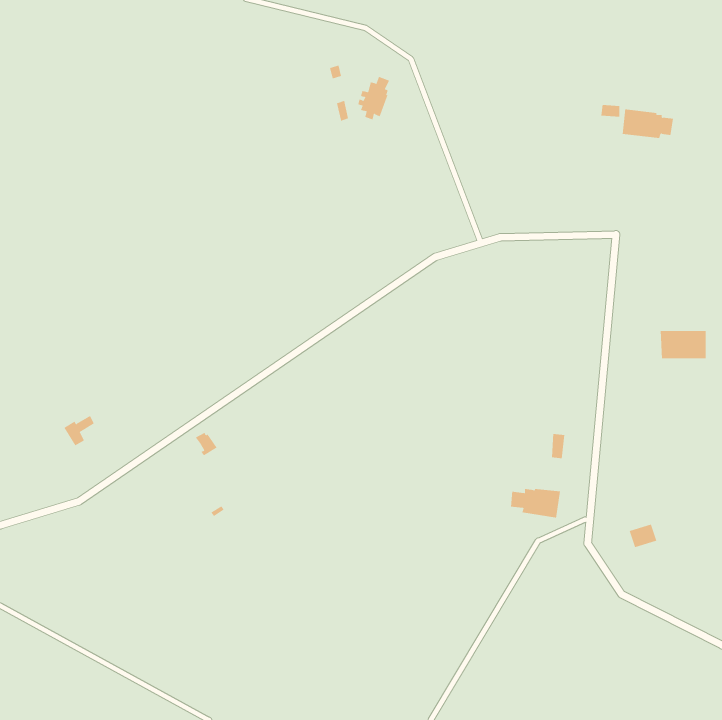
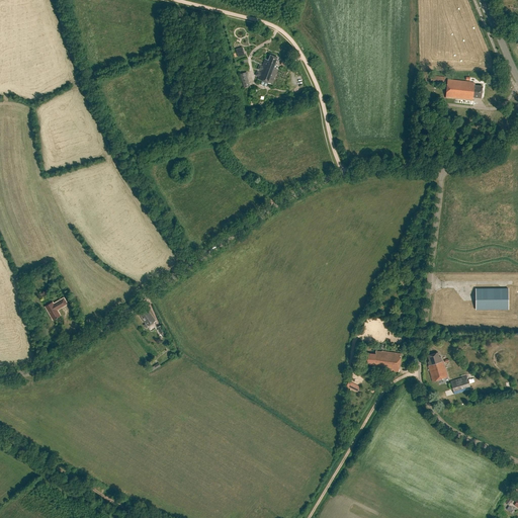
building: [660,331,706,359] -> [476,288,509,309]
building: none -> [428,351,448,380]

